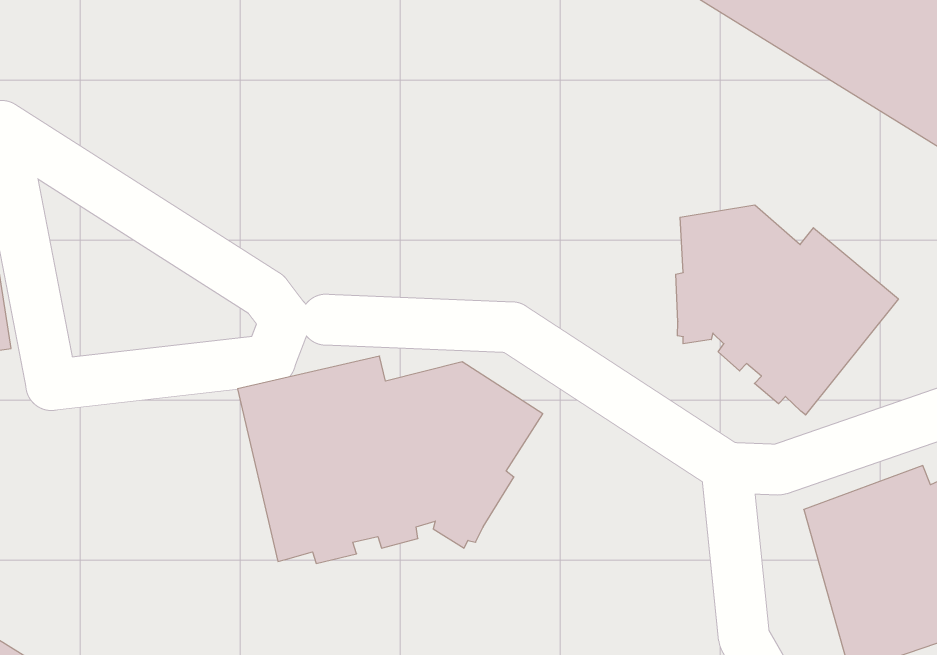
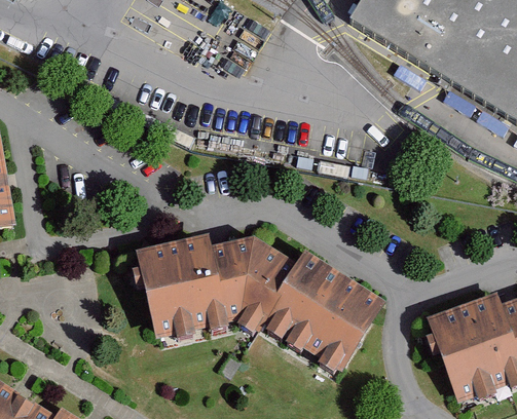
building: [676,205,898,415] -> none
building: none -> [265,250,387,373]

